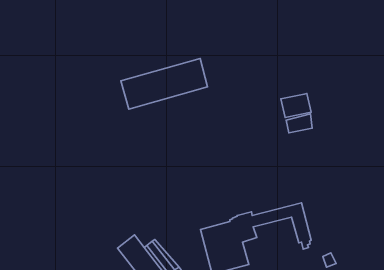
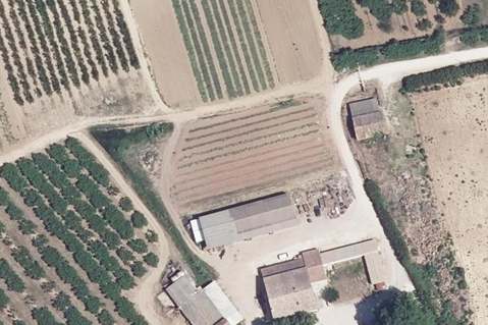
building: [121,58,207,109] -> [199,191,297,249]
building: [286,114,312,133] -> [349,97,379,118]

